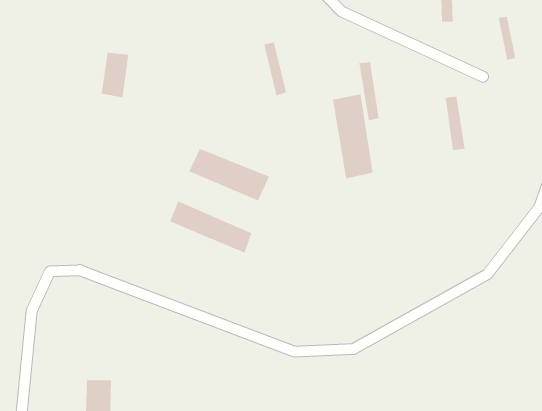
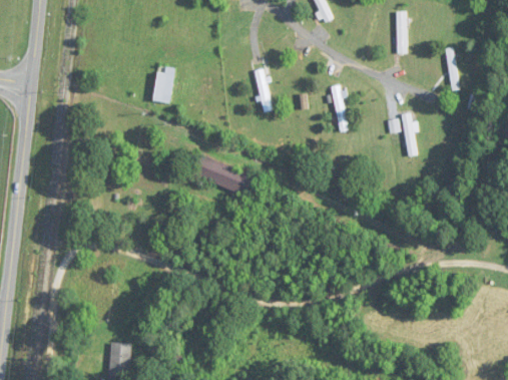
building: [101,52,129,98] -> [151,65,174,102]
building: [332,93,373,179] -> none
building: [169,200,252,253] -> none

